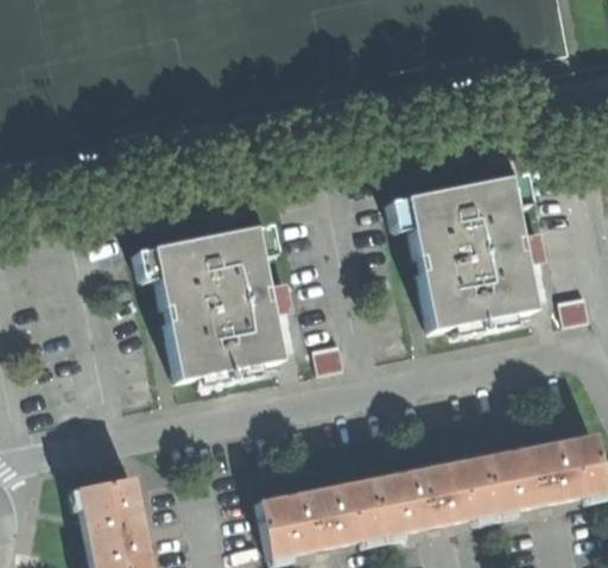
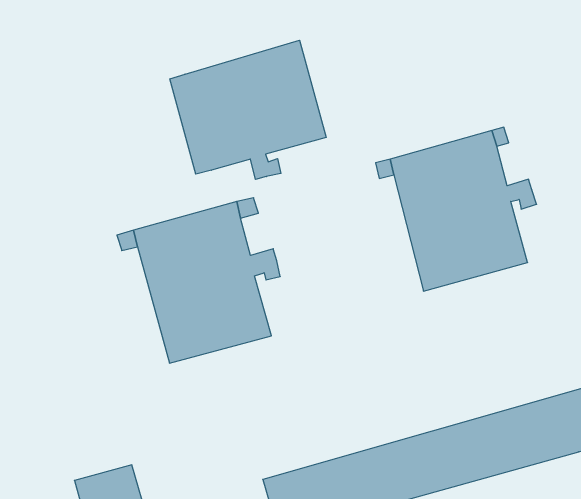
building: none -> [170,40,326,179]

